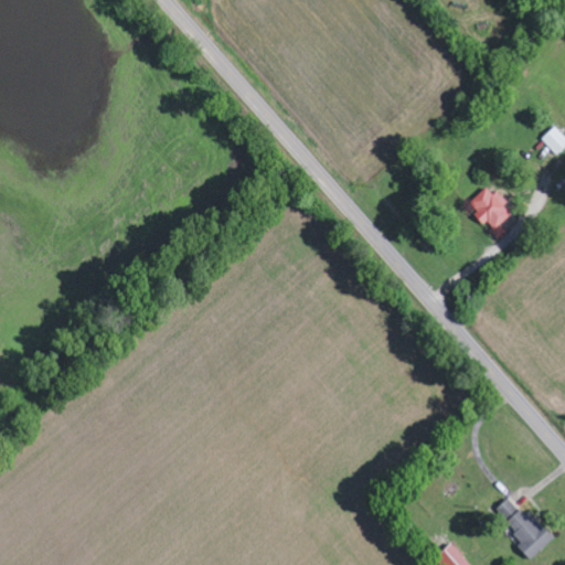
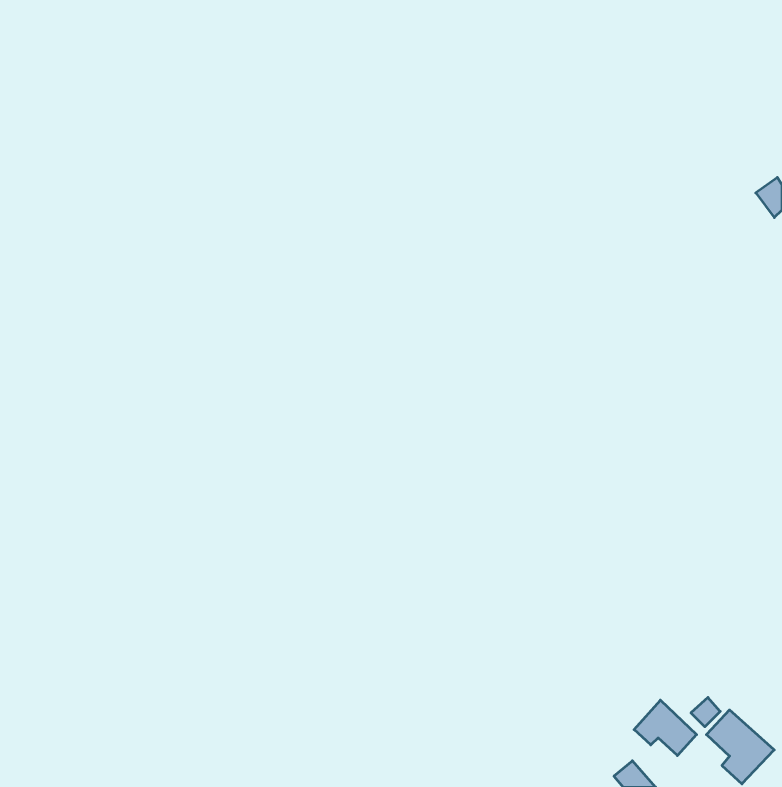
building: [470,185,510,232] -> none
building: none -> [634,700,697,756]

